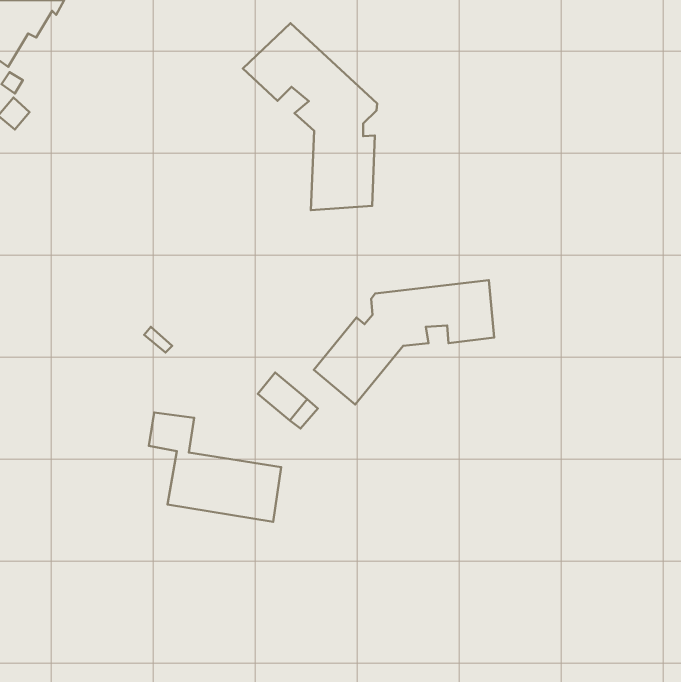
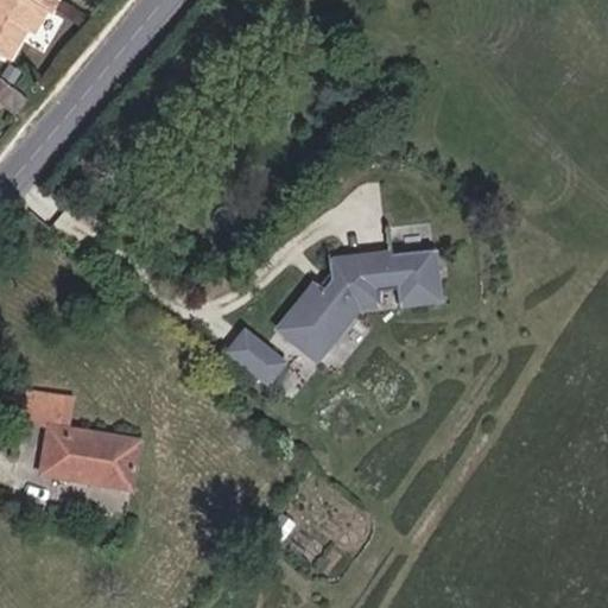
building: [243,23,377,210] -> none
building: [149,412,281,522] -> [21,392,139,489]

